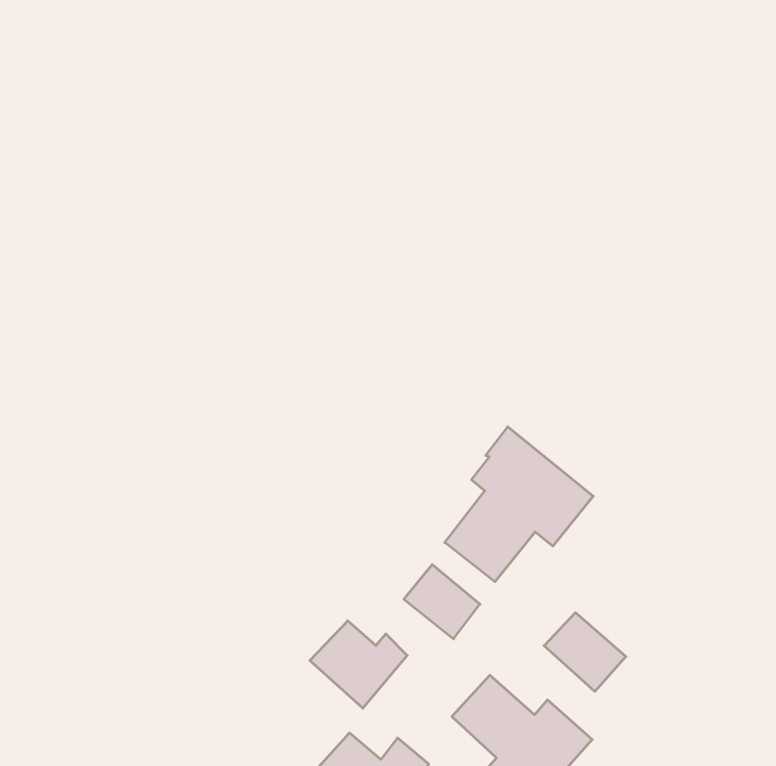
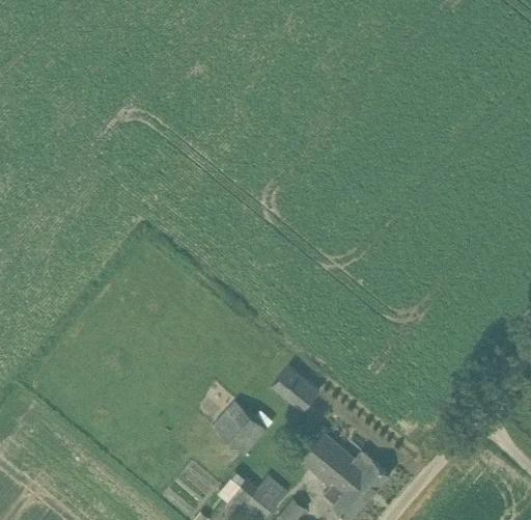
building: [445,427,593,582] -> none
building: [544,613,626,691] -> none

